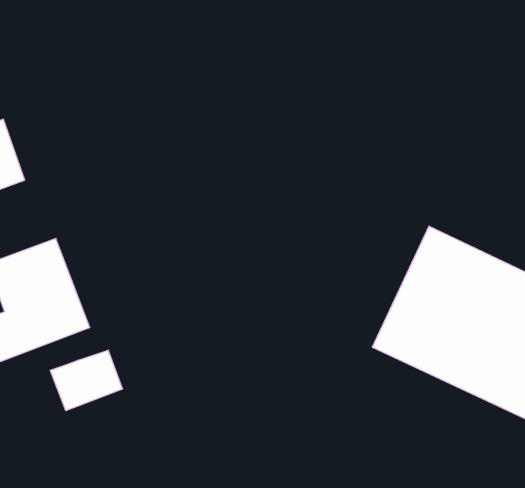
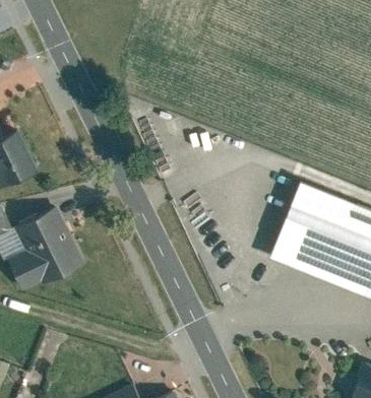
building: [50,350,123,411] -> none

